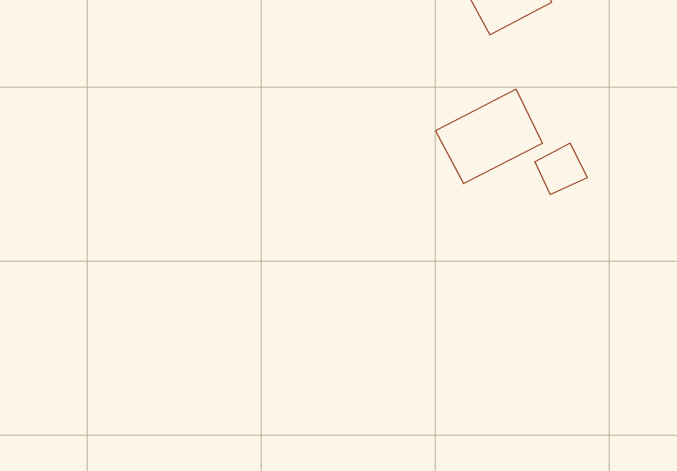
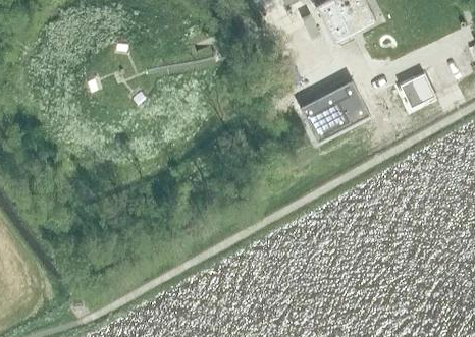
building: [535,143,587,194] -> [401,73,435,107]

